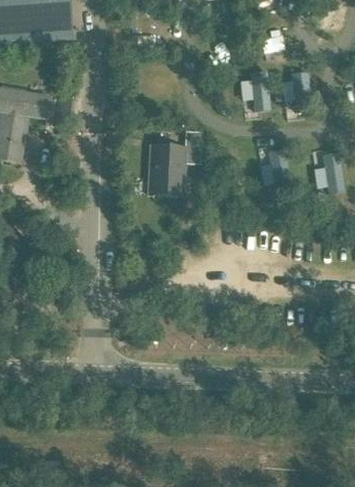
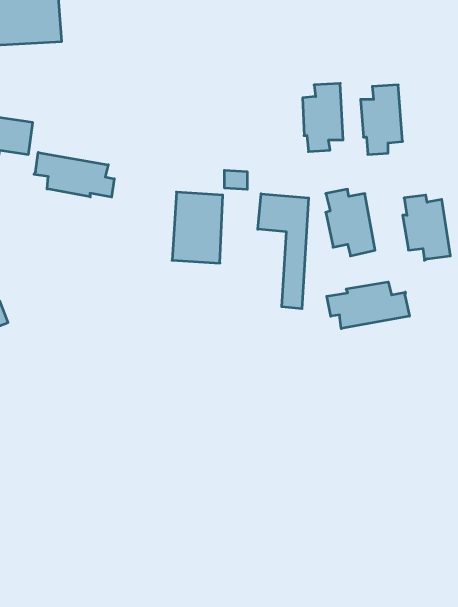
building: none -> [34,152,114,197]
building: none -> [258,194,309,309]
building: none -> [327,282,409,329]

